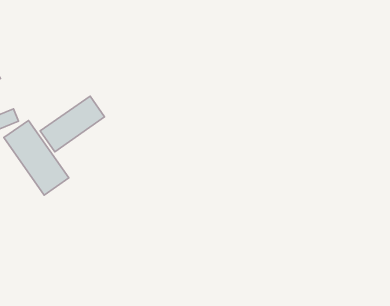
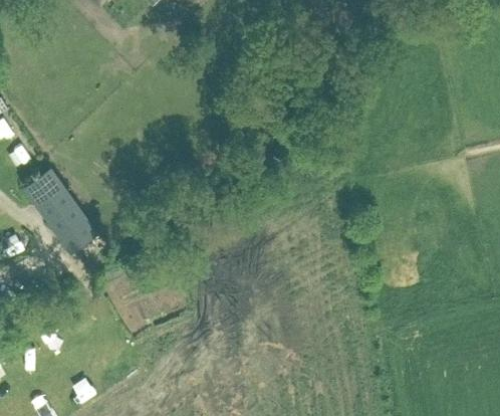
building: [40,96,105,152] -> none

